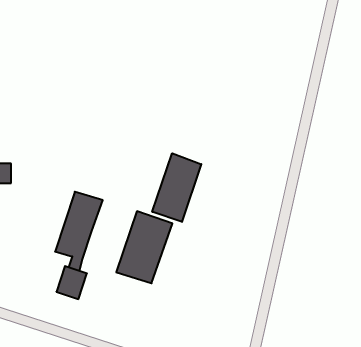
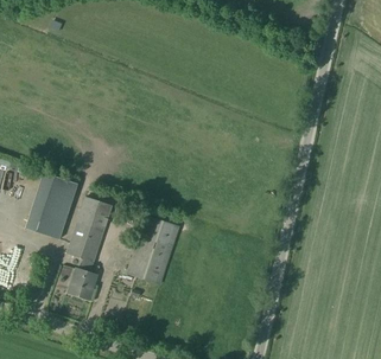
building: [152,153,201,222] -> none
building: none -> [31,177,82,239]

